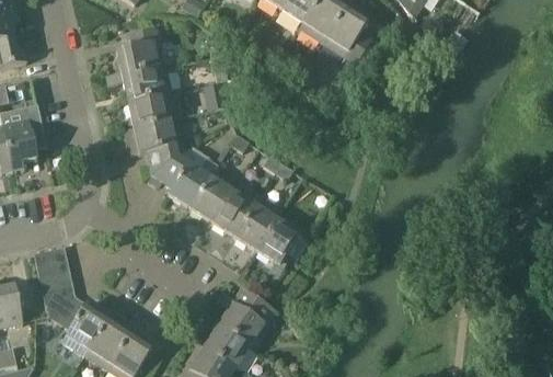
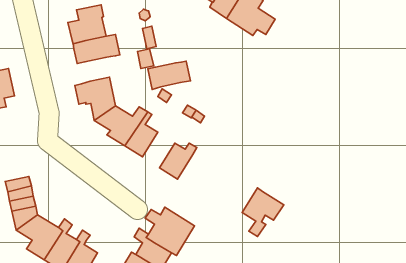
building: [126,91,181,127] -> [148,61,190,89]
building: [210,190,252,236] -> none
building: [255,218,309,281] -> [242,188,284,236]

